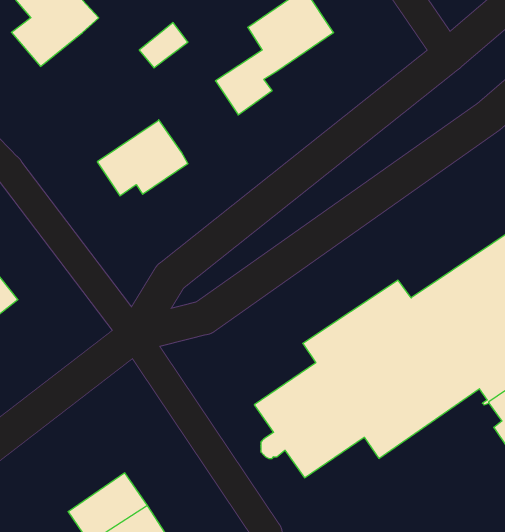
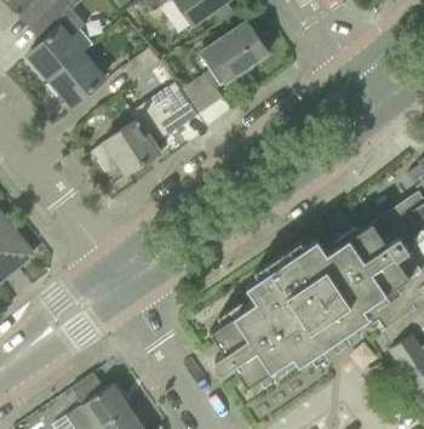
building: none -> [50,53,103,105]
building: none -> [131,82,197,143]

